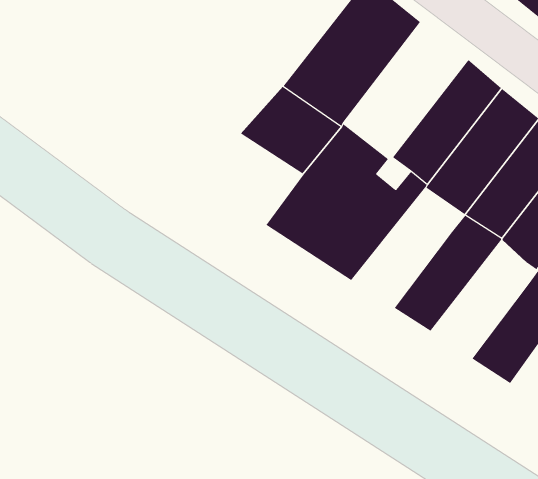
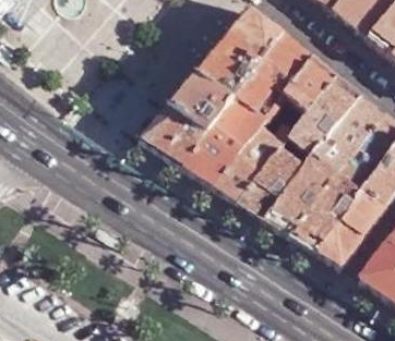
building: none -> [234,33,314,121]
building: none -> [141,105,207,163]
building: none -> [239,150,303,217]
building: none -> [290,173,354,249]

